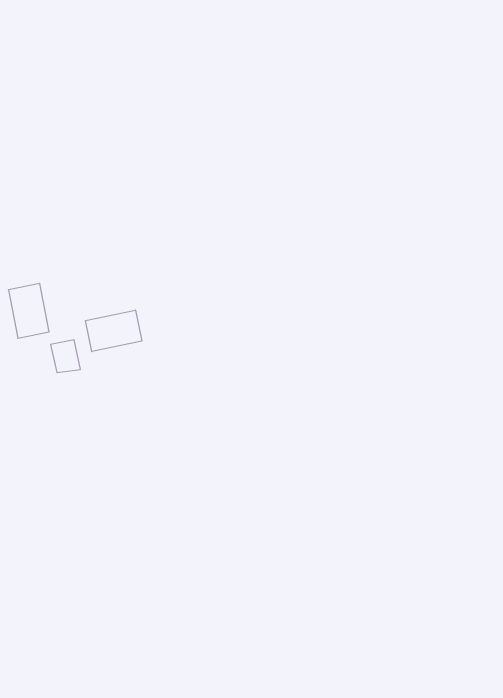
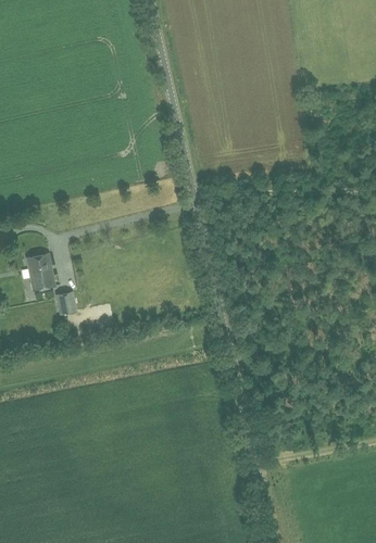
building: [85,310,142,352] -> none

